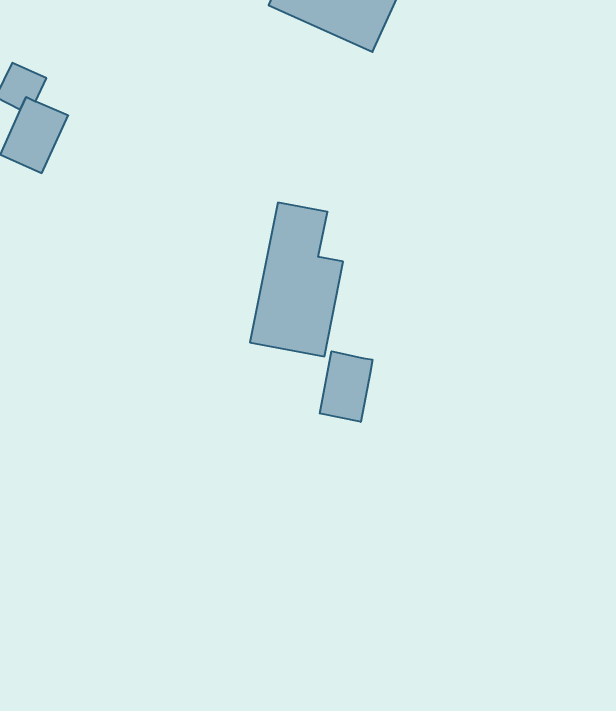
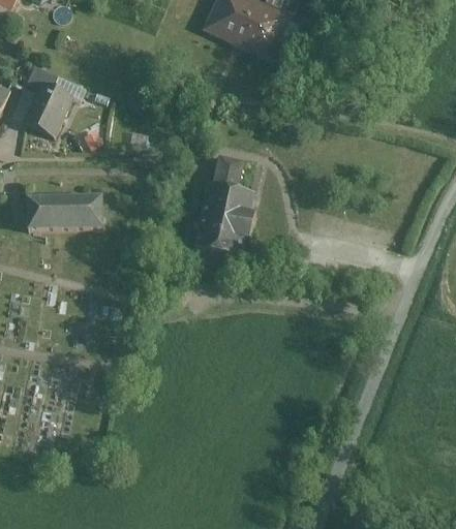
building: none -> [34,193,109,227]
building: [320,351,372,422] -> none

